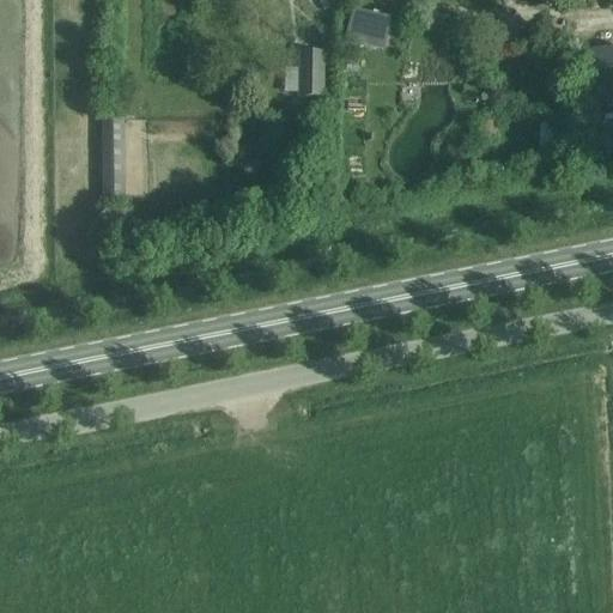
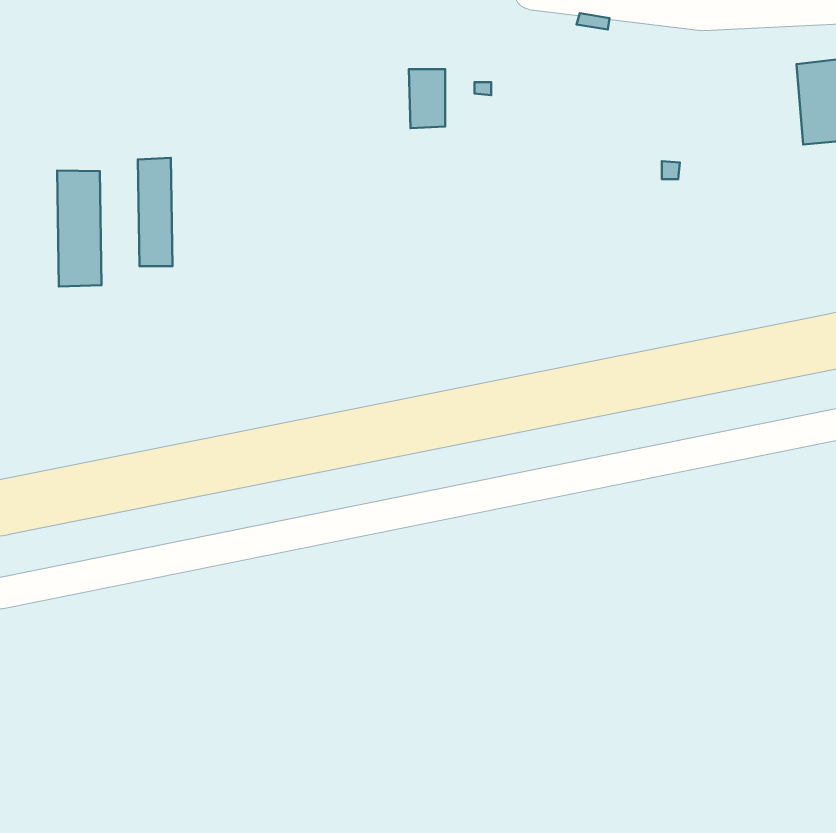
building: [346,6,393,47] -> none
building: none -> [57,171,101,286]

